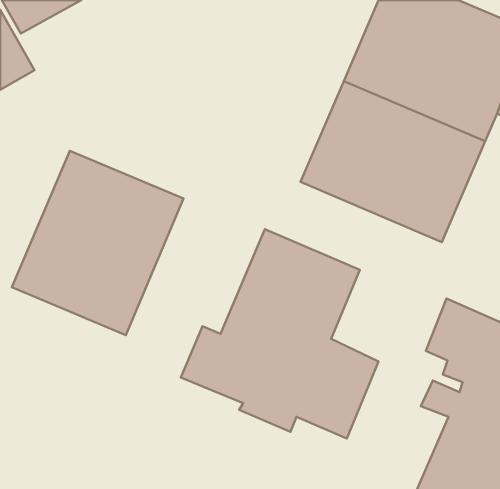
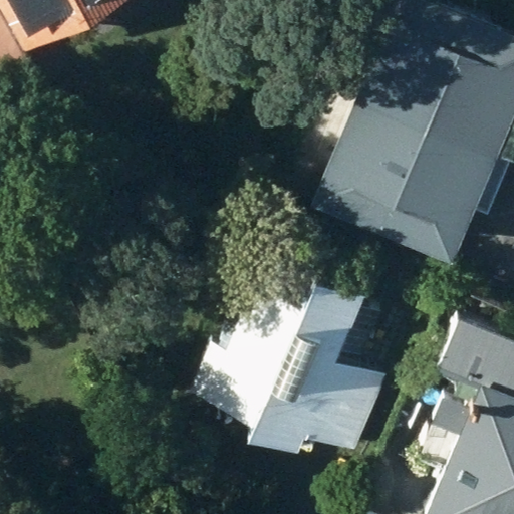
building: [12,151,184,335] -> none

